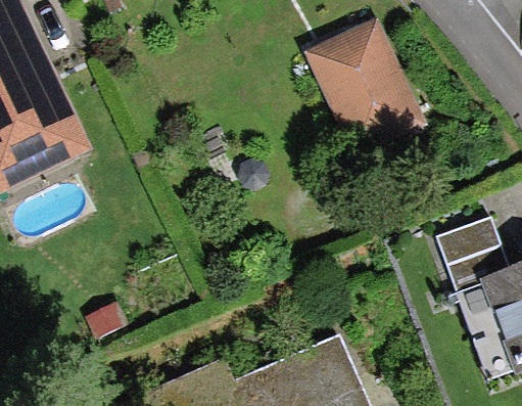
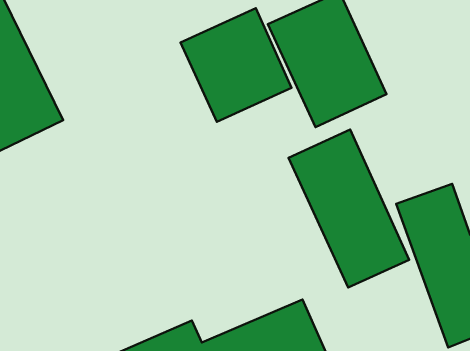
building: none -> [181,8,291,122]
building: none -> [289,130,409,287]

